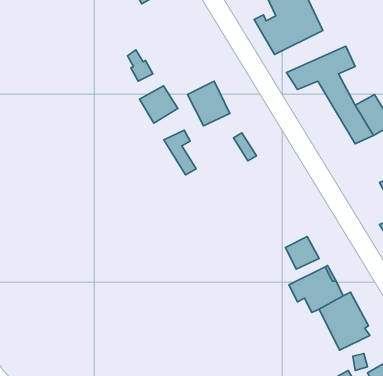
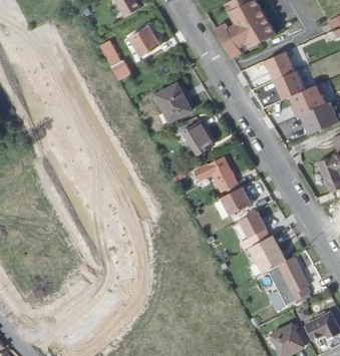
building: [139,86,178,123] -> [129,27,161,58]
building: [164,130,196,175] -> [184,114,211,151]
building: none -> [199,155,237,190]
building: none -> [225,185,255,213]

